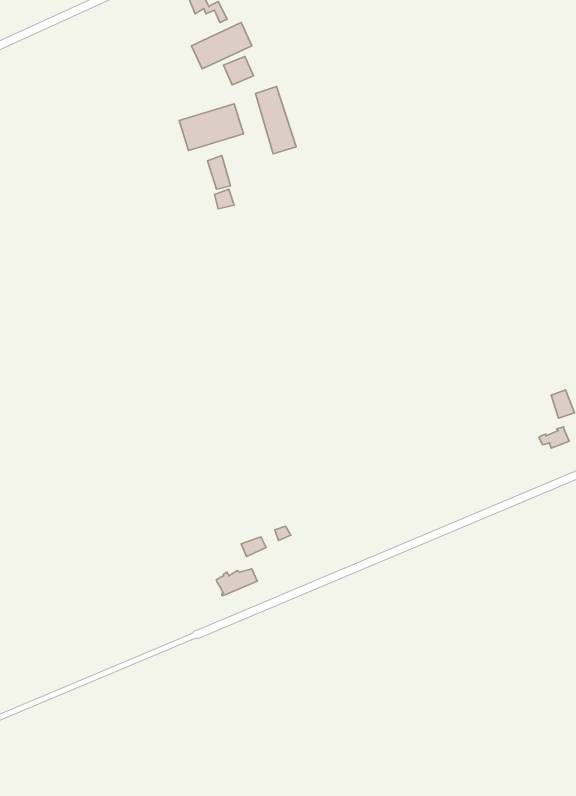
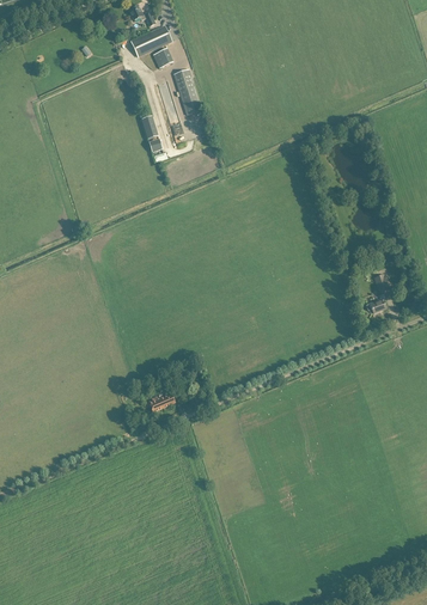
building: [179,104,243,151] -> none

